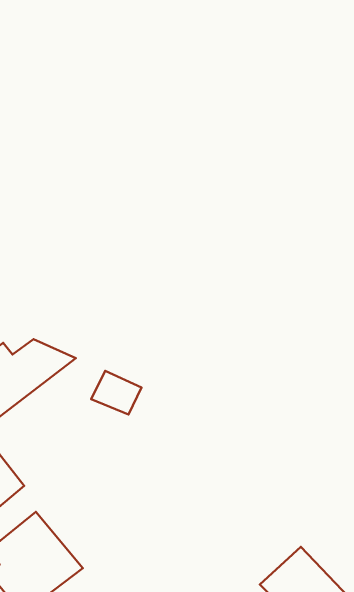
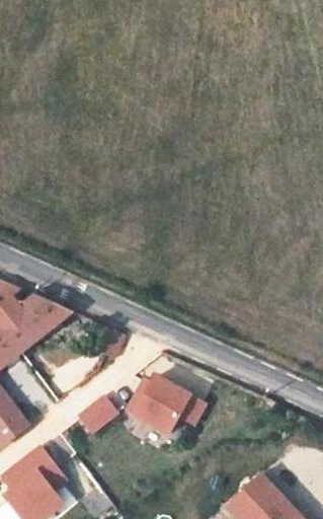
building: none -> [123,373,207,435]
building: none -> [75,395,117,435]

